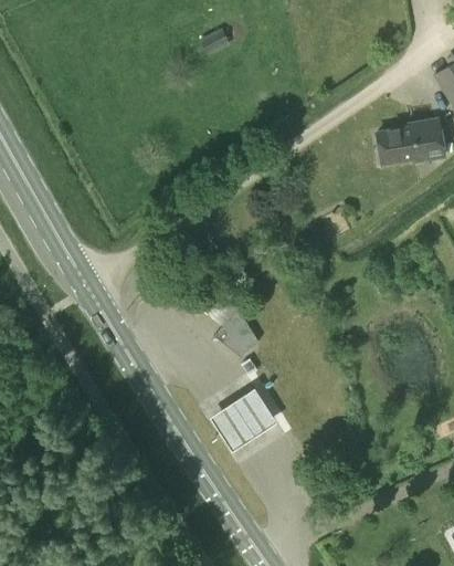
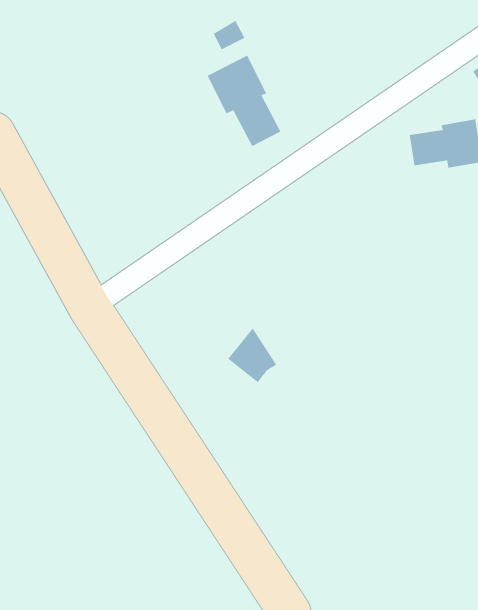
building: none -> [206,54,281,147]
building: [217,392,283,455] -> none

